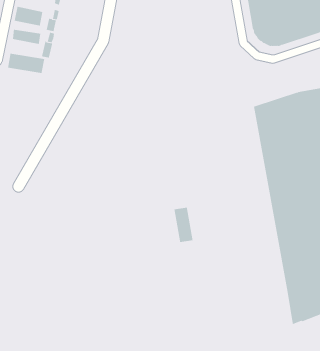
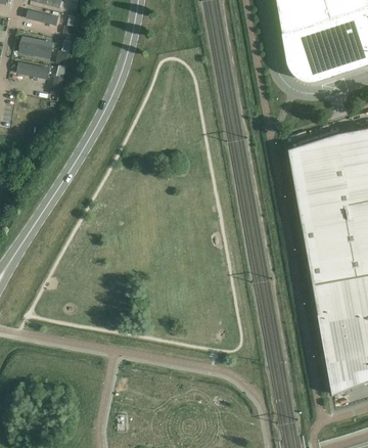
building: [7,53,45,74] -> none
building: [174,207,193,243] -> none

